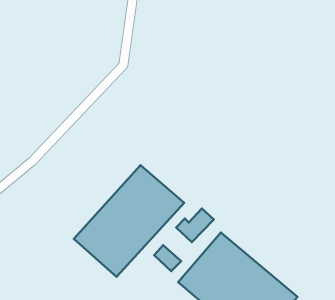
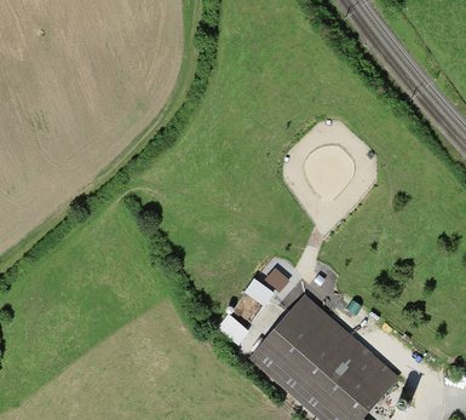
building: [74,165,184,277] -> none

